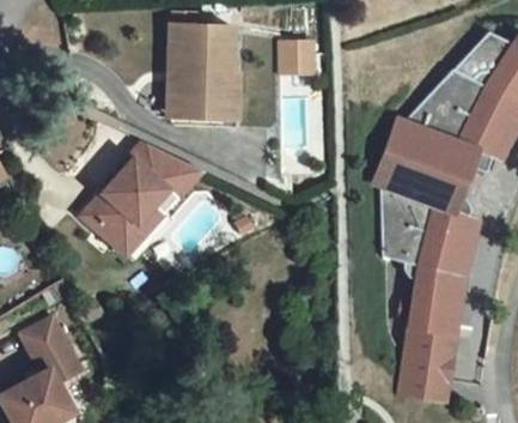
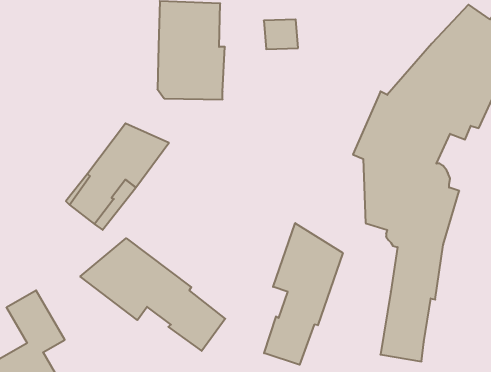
building: none -> [264,223,343,365]
building: none -> [80,238,225,351]

